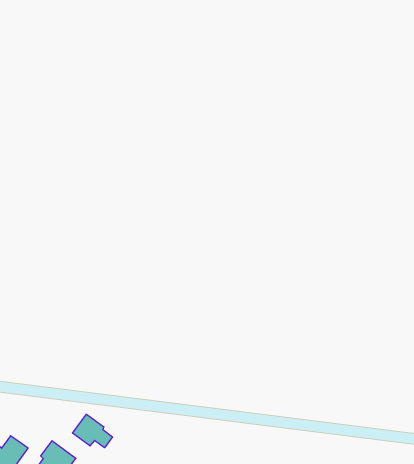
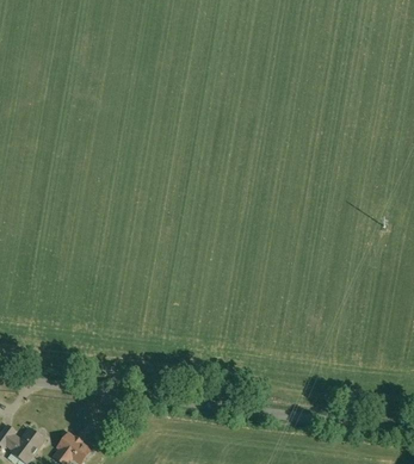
building: [73,414,113,448] -> none

